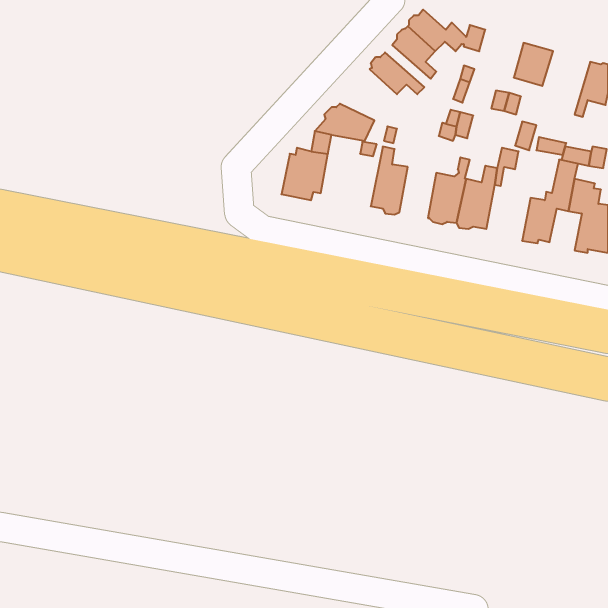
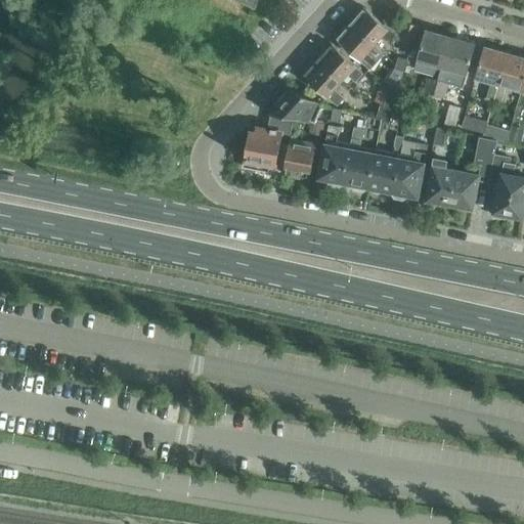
building: none -> [416,31,449,68]
building: none -> [474,47,507,99]
building: none -> [304,60,342,105]
building: none -> [343,128,375,190]
building: none -> [282,141,315,179]
building: none -> [426,160,455,208]

